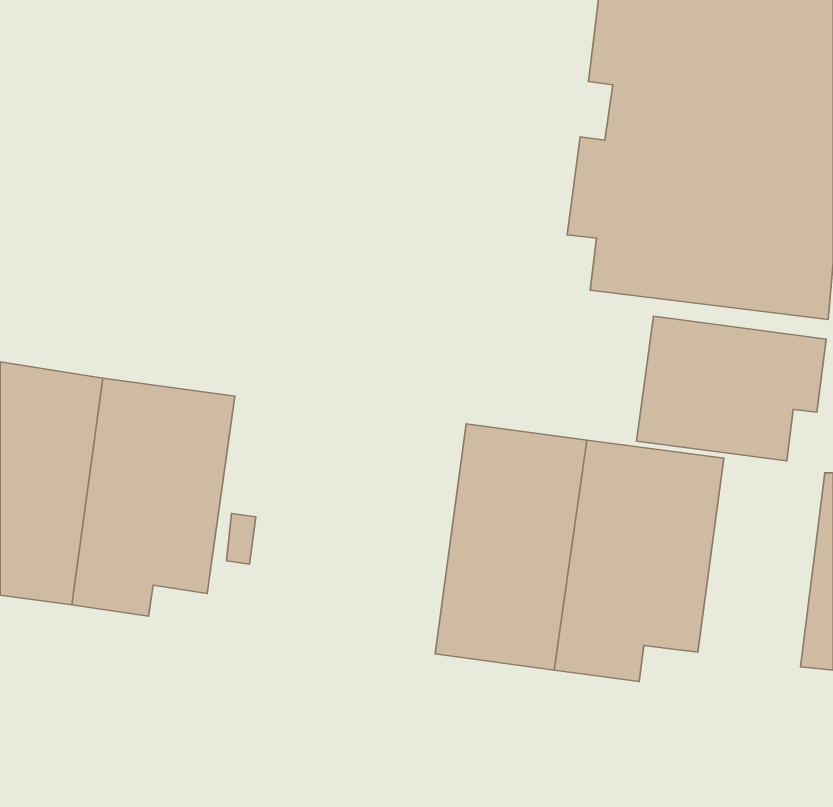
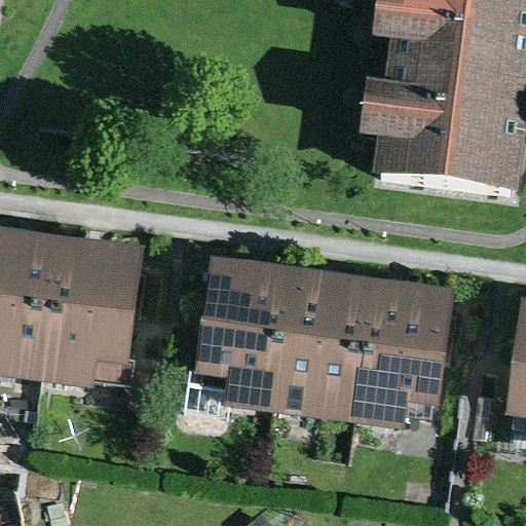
building: [637,316,826,461] -> none
building: none -> [196,256,294,412]

